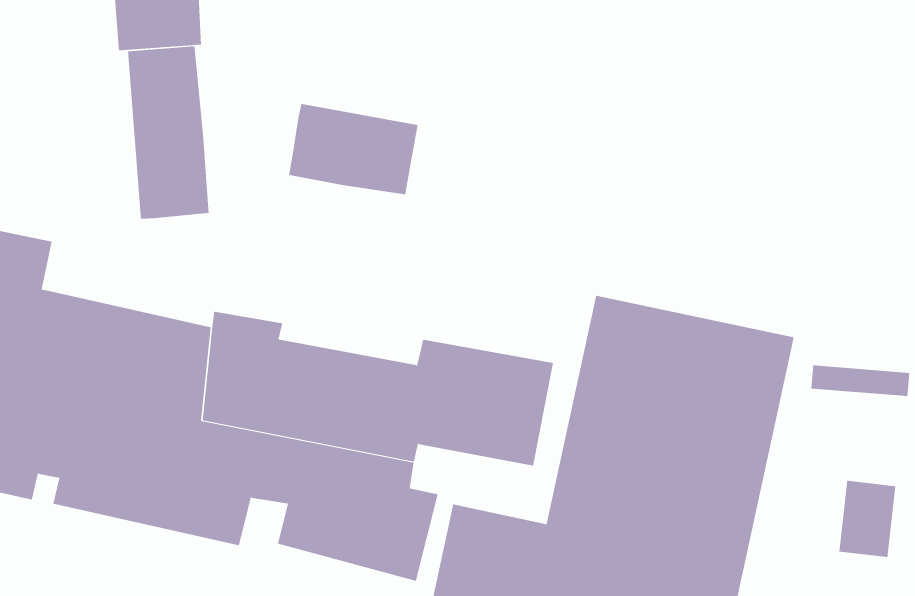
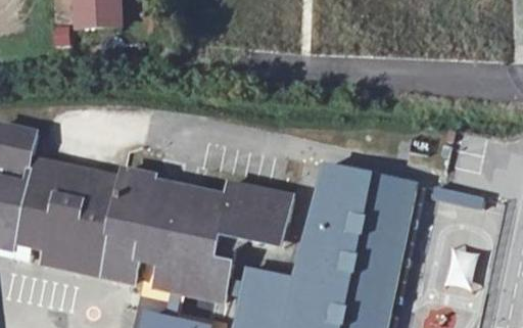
building: [128,45,209,219] -> none
building: [288,103,418,195] -> none

